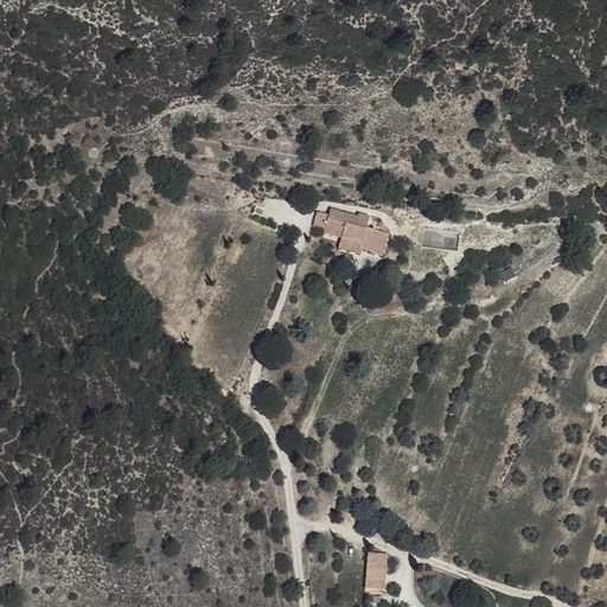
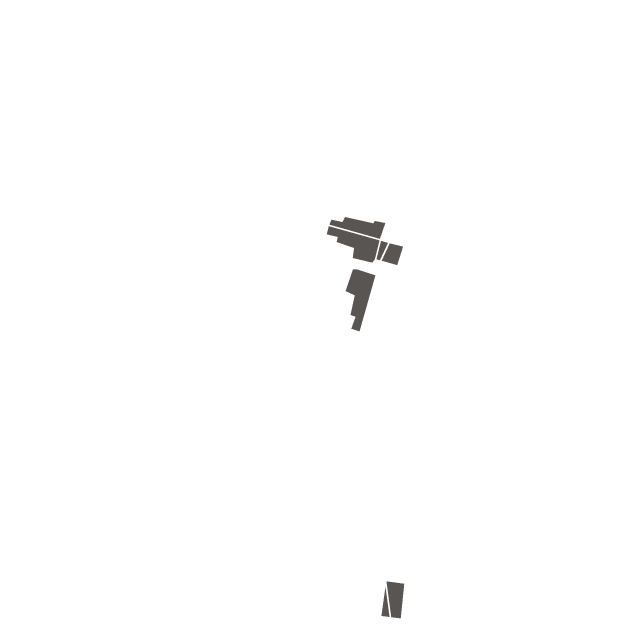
building: none -> [345,268,377,332]

